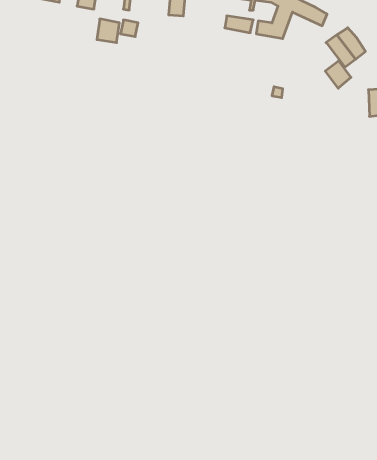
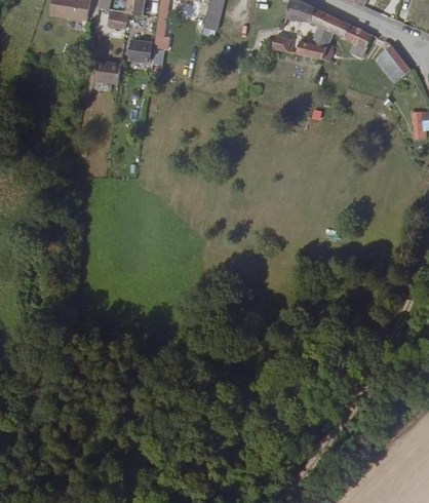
building: none -> [93,60,120,83]
building: [325,61,351,88] -> none

